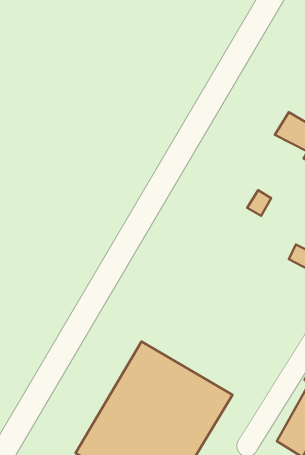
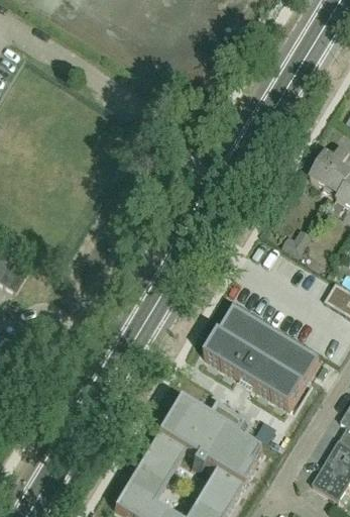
building: none -> [206,310,320,413]

